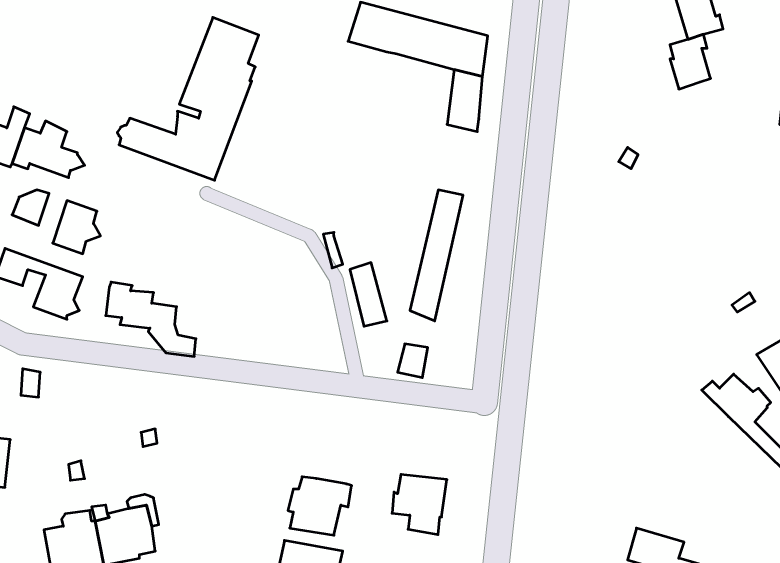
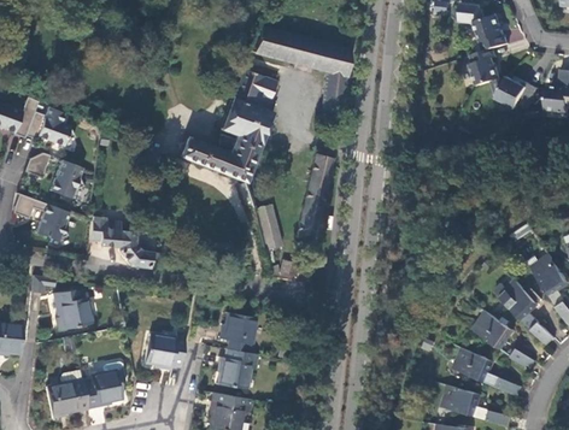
building: [117,17,259,180] -> [176,70,272,181]
building: none -> [492,76,539,110]
building: none -> [49,290,92,330]
building: none -> [474,311,535,369]
building: none -> [143,332,184,371]
building: none -> [454,347,522,395]
building: [392,474,447,535] -> [219,313,257,354]

